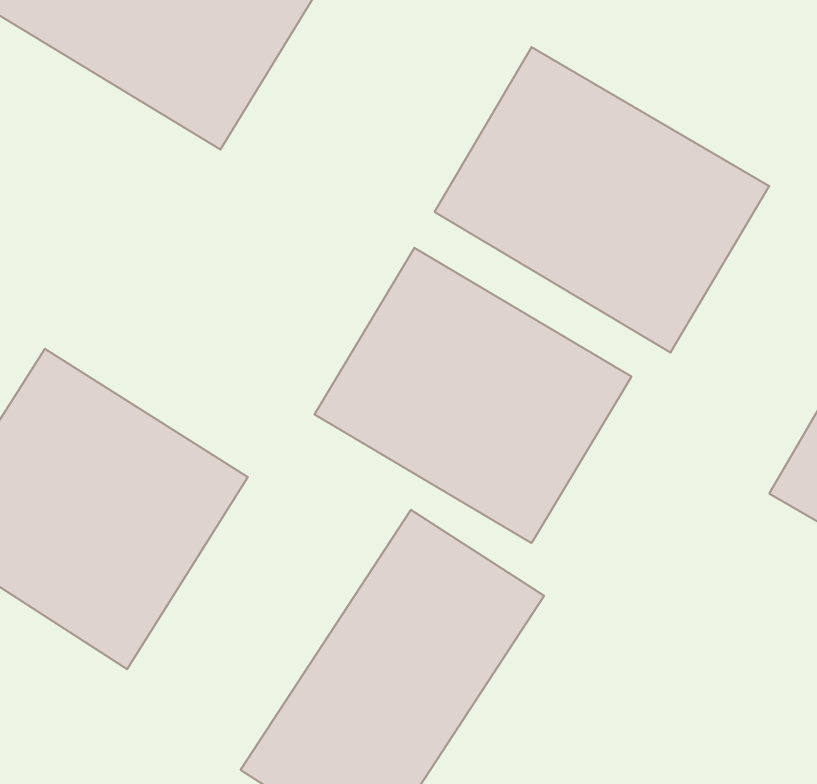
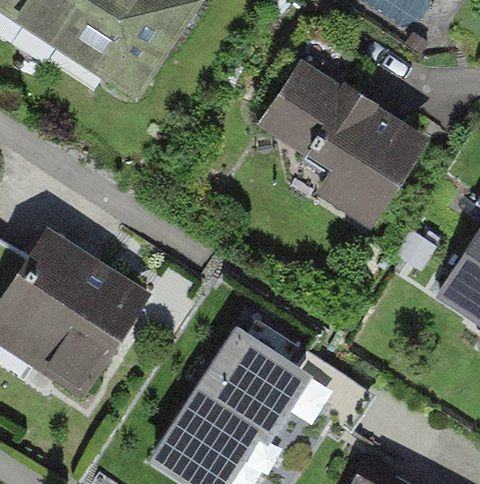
building: [314,248,631,543] -> none

